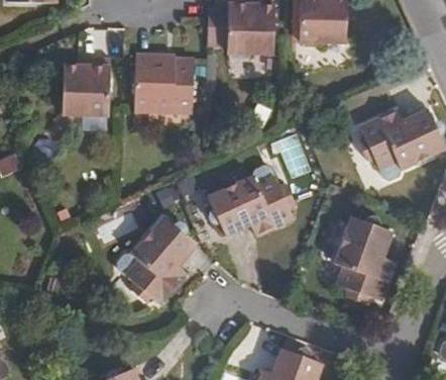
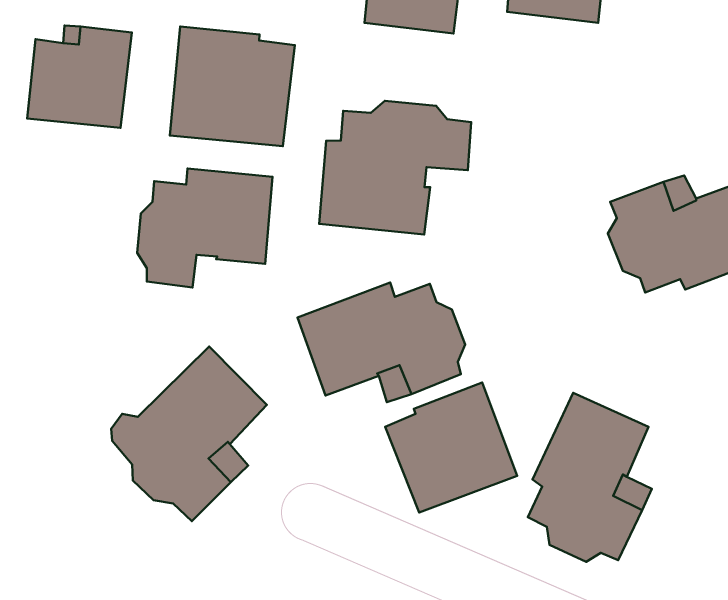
building: none -> [319,101,471,235]
building: none -> [137,169,272,287]
building: none -> [385,383,517,512]

